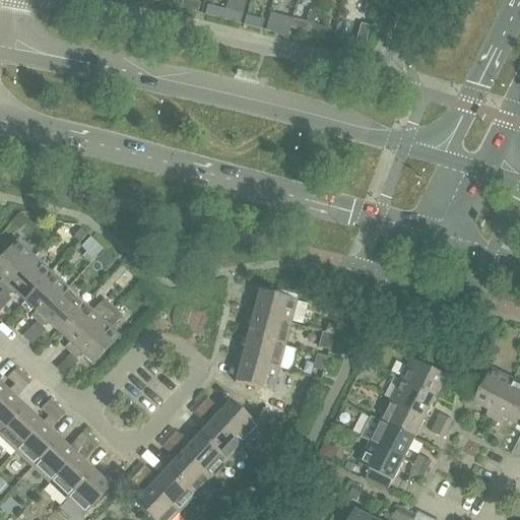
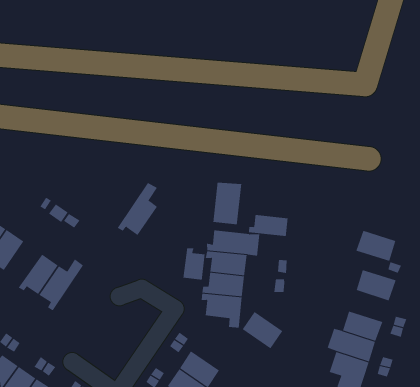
building: none -> [213,182,242,225]
building: [24,270,68,319] -> none
building: none -> [248,214,288,237]
building: none -> [183,248,205,280]
building: [71,306,122,363] -> [117,182,158,236]
building: [391,377,437,415] -> [356,230,396,262]
building: [213,398,258,442] -> [242,311,283,349]

